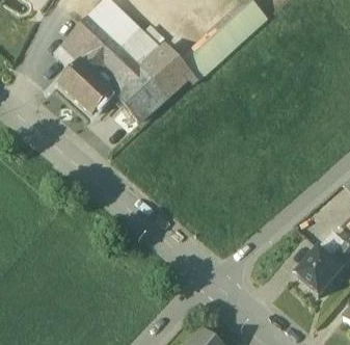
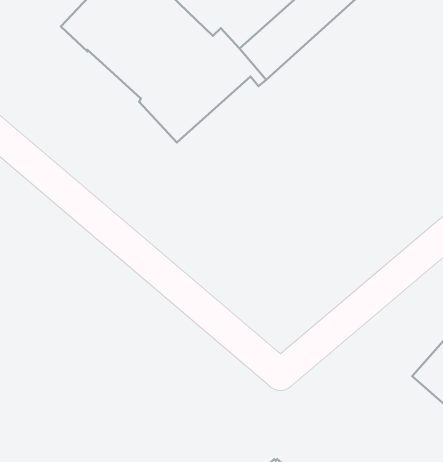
building: [59,59,115,115] -> none

